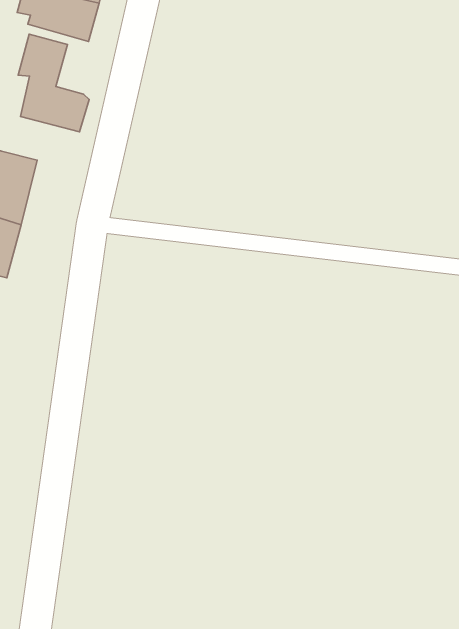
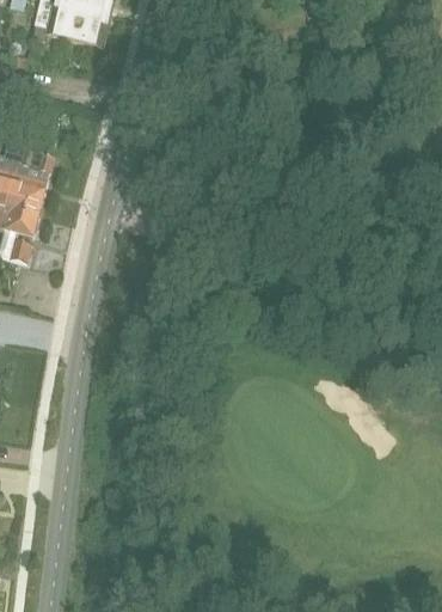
building: [18,34,89,132] -> none

